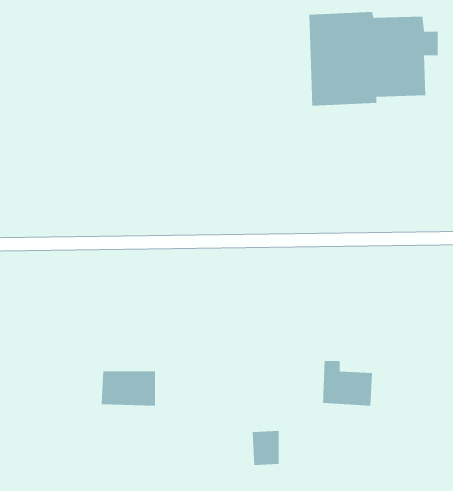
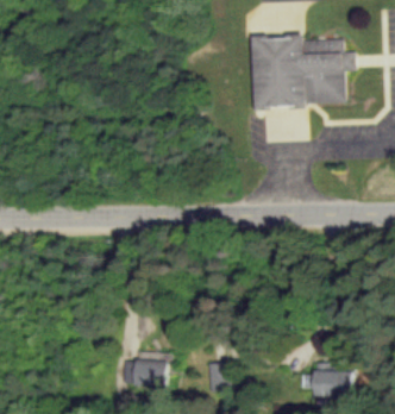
building: [322,360,373,406] -> [314,362,353,397]
building: [101,371,156,406] -> [123,358,165,385]

